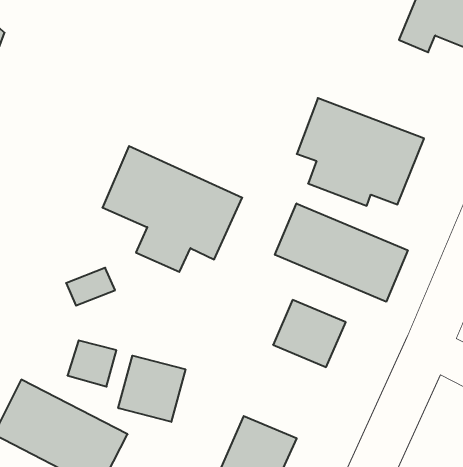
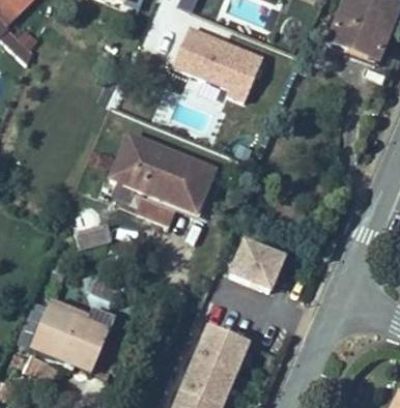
building: [297,98,424,206] -> [171,29,265,109]
building: [275,203,408,302] -> none
building: [118,356,185,422] -> none

